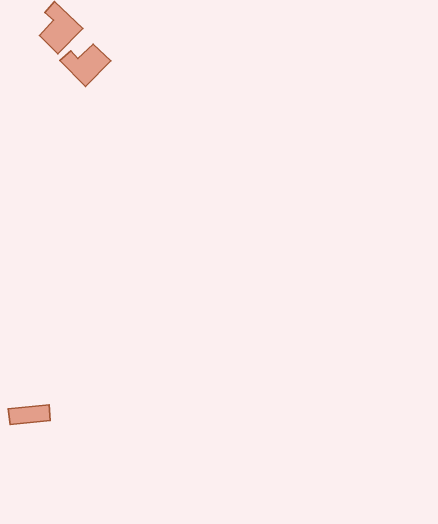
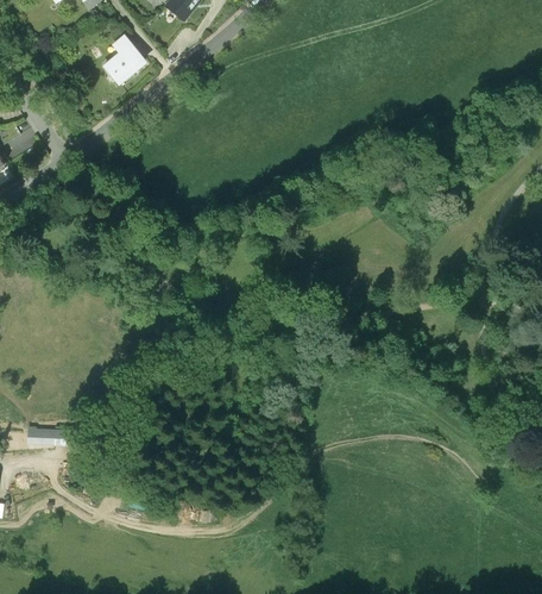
building: [60,44,111,87] -> none

